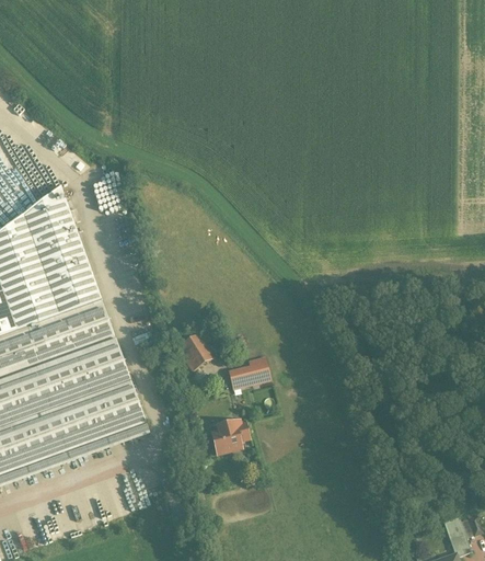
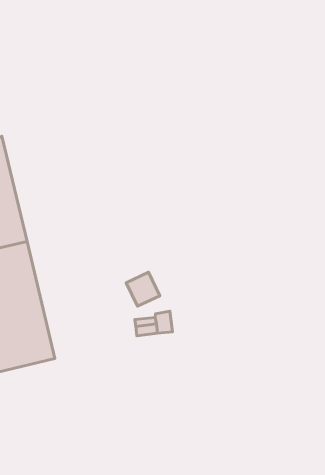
building: [177,333,216,371] -> [126,272,160,306]
building: [211,421,250,455] -> none

